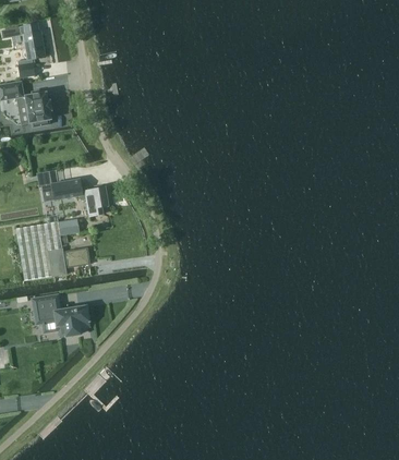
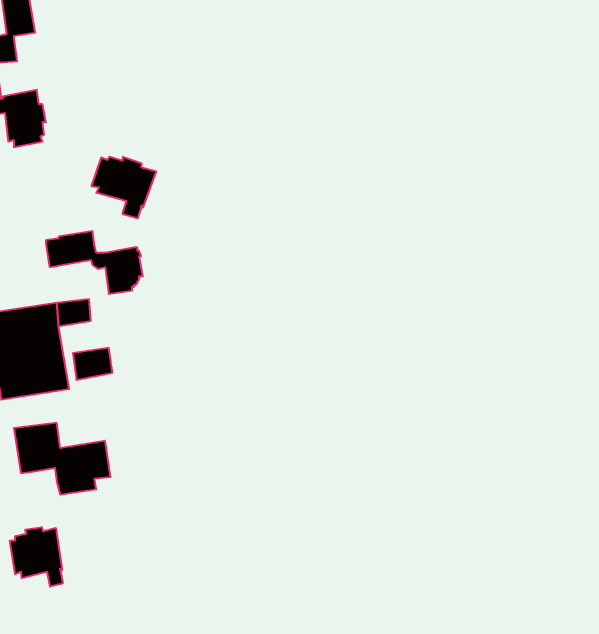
building: none -> [92,157,156,218]
building: none -> [10,527,63,587]

